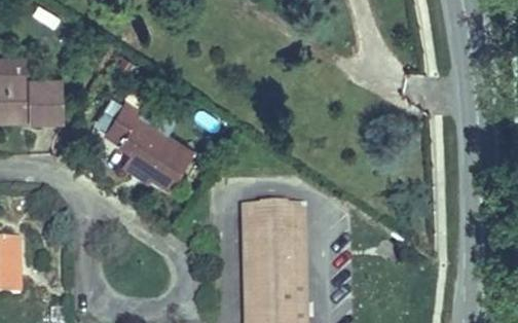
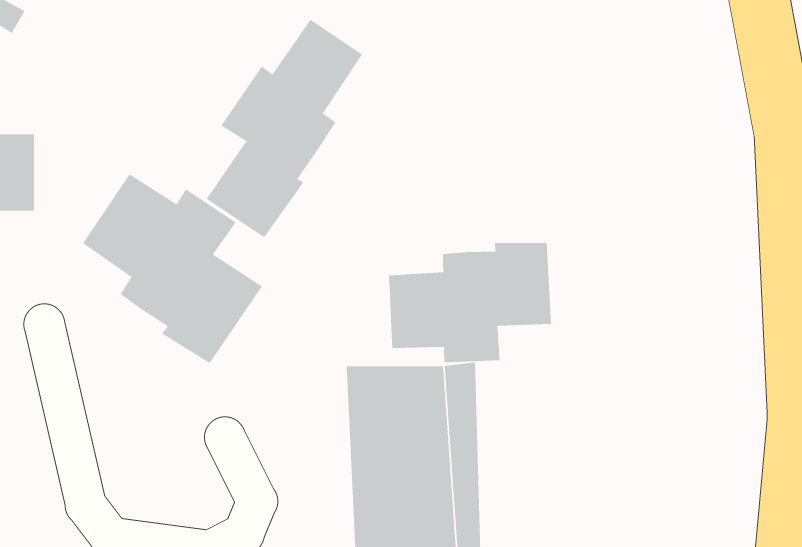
building: none -> [206,19,363,238]
building: none -> [388,242,552,363]

